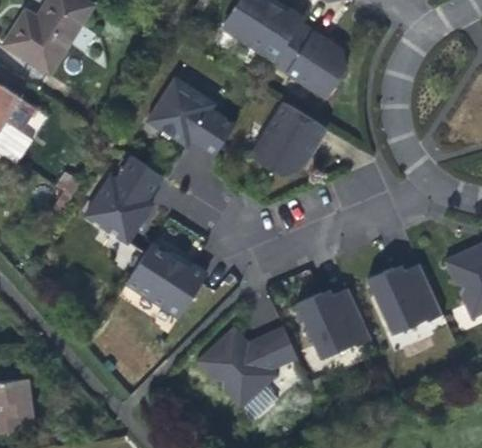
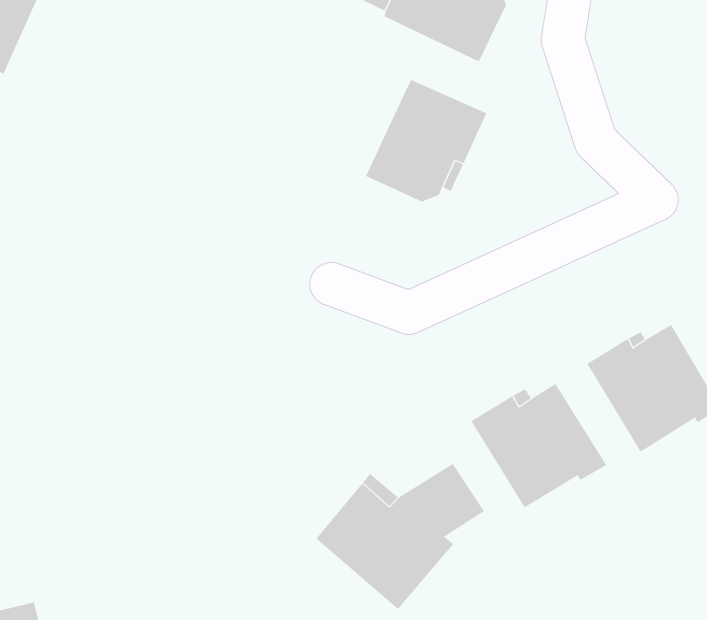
building: [147,78,234,156] -> none
building: [87,157,164,244] -> none
building: [125,244,206,317] -> none

